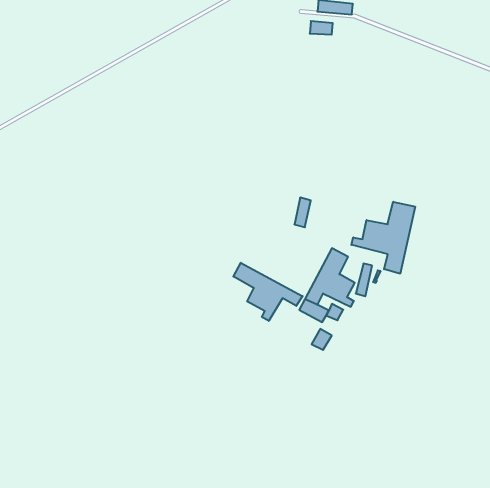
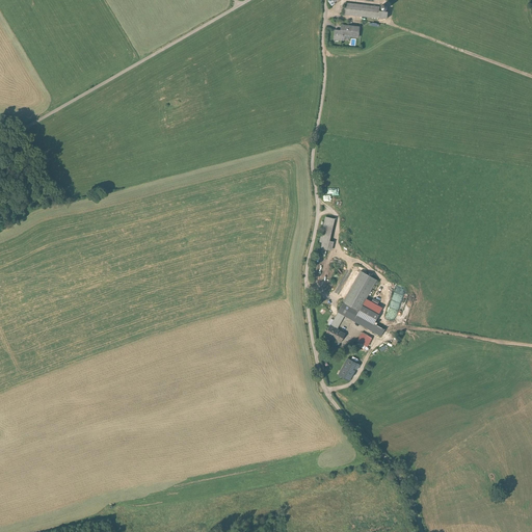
building: [351,202,415,274] -> none
building: [233,263,303,321] -> none

